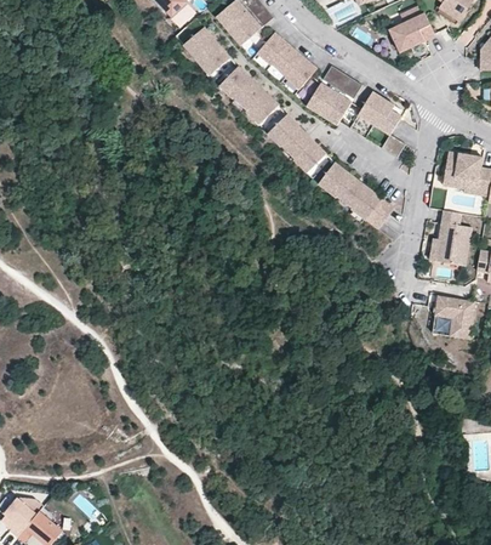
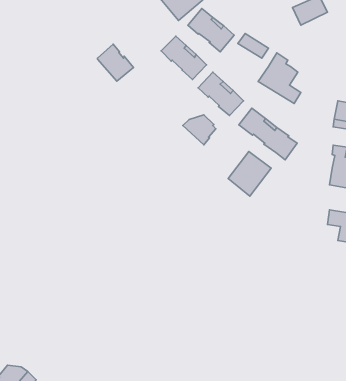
building: [184,28,232,76] -> [97,44,134,81]
building: [303,80,348,123] -> none
building: none -> [183,115,216,145]
building: none -> [228,152,271,196]

